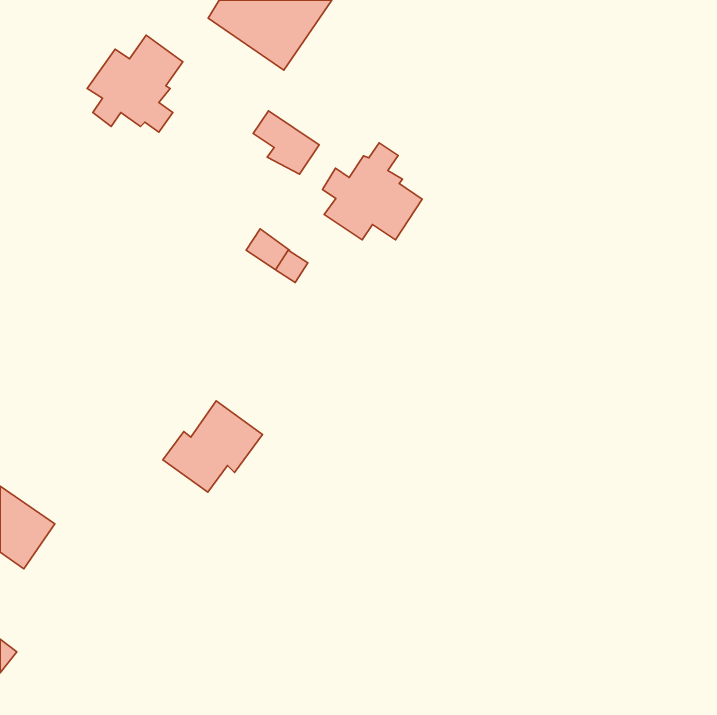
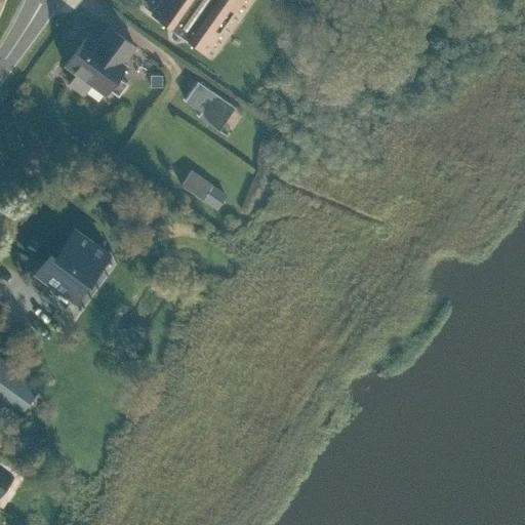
building: [322,143,422,240] -> none
building: [163,401,263,492] -> [35,230,108,296]

